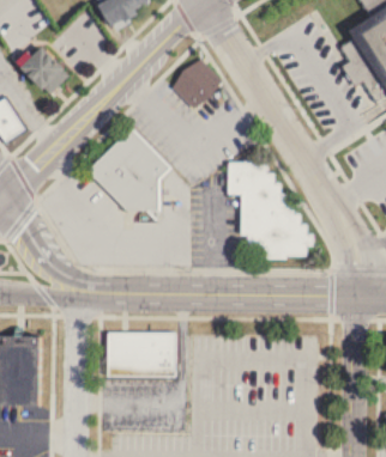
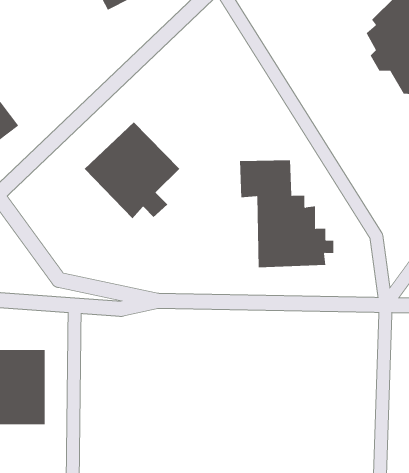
building: [17,48,67,97] -> none
building: [168,57,222,111] -> none
building: [105,329,175,373] -> none

